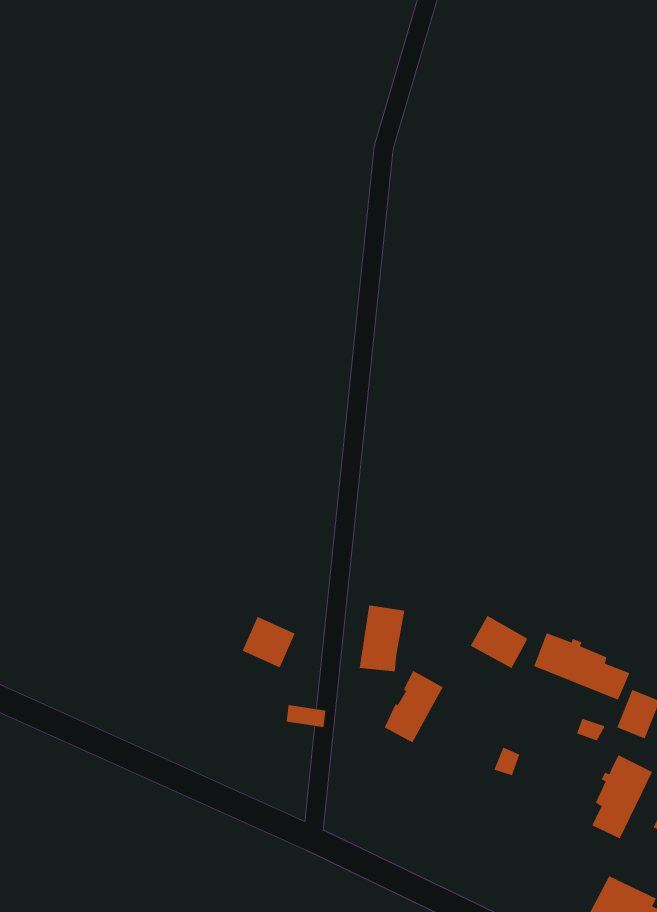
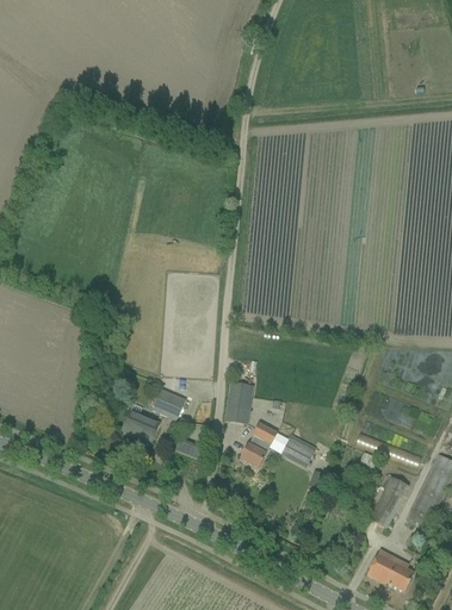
building: [470,615,527,669] -> [279,434,315,467]
building: [533,632,630,701] -> none
building: none -> [122,407,160,441]

